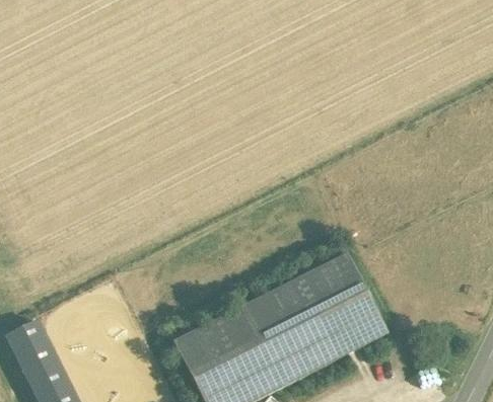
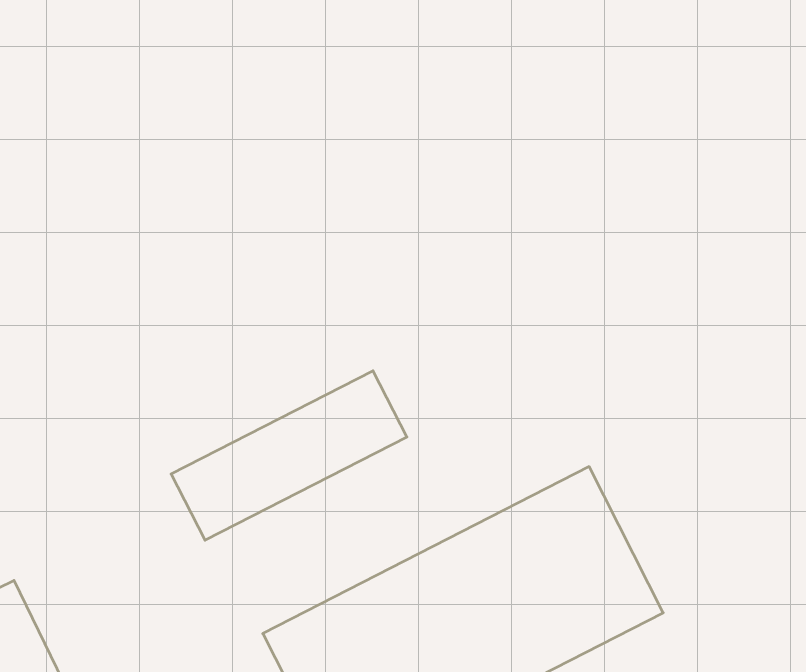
building: none -> [171,371,407,540]

